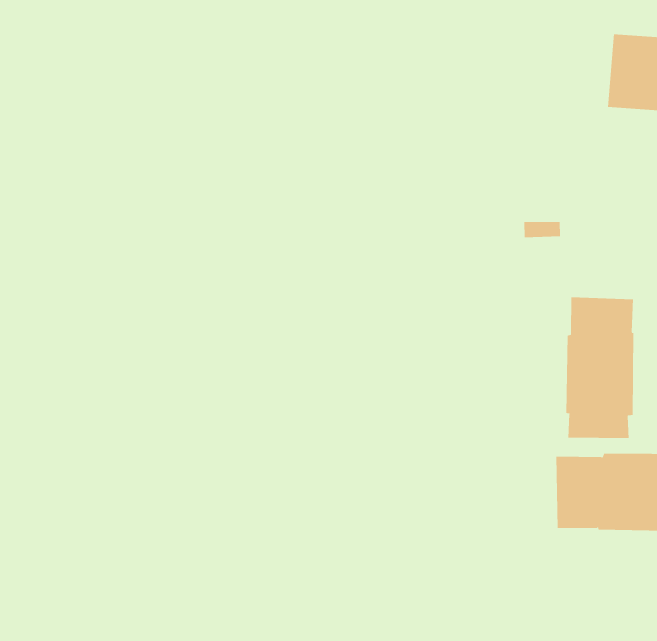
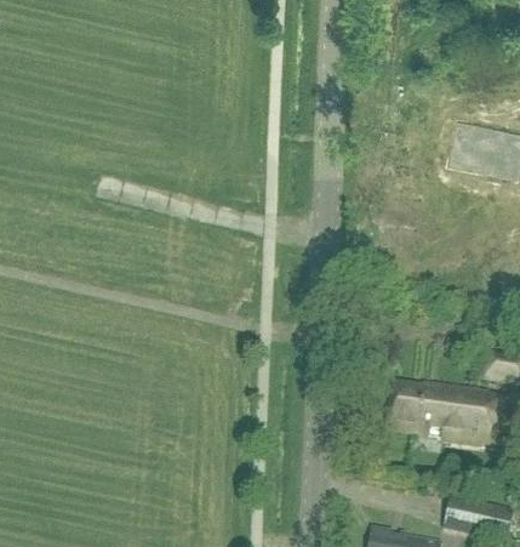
building: [566,297,634,439] -> none

